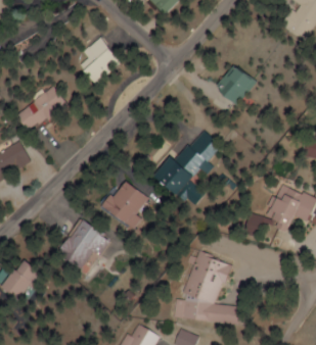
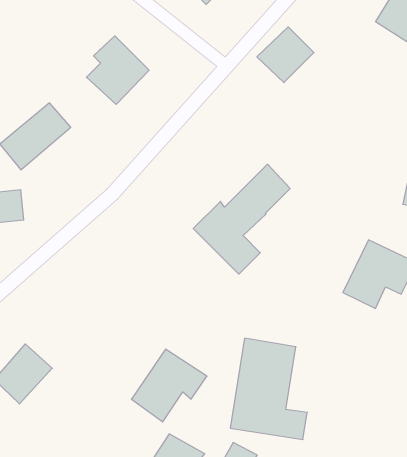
building: [215,65,256,105] -> [257,27,314,83]
building: [105,179,151,229] -> none
building: [61,218,116,270] -> [131,349,207,422]

